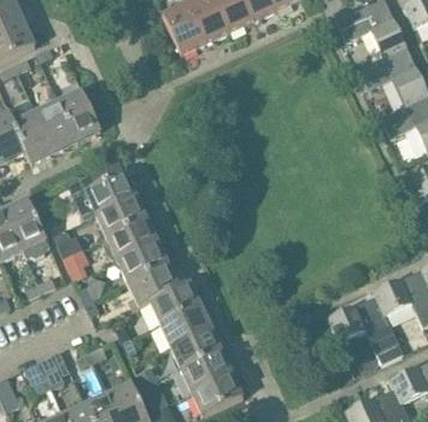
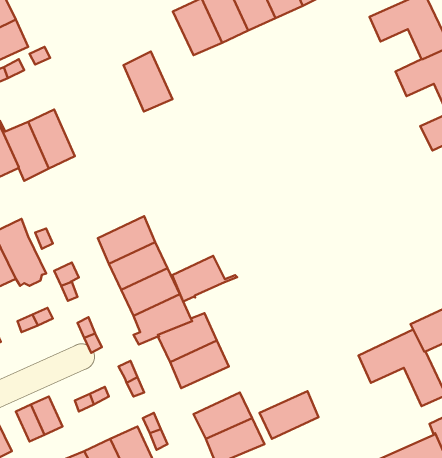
building: [57,89,100,142] -> [123,51,173,112]
building: [83,171,136,215] -> none
building: none -> [172,256,237,302]
building: [169,328,221,370] -> [260,391,318,439]

